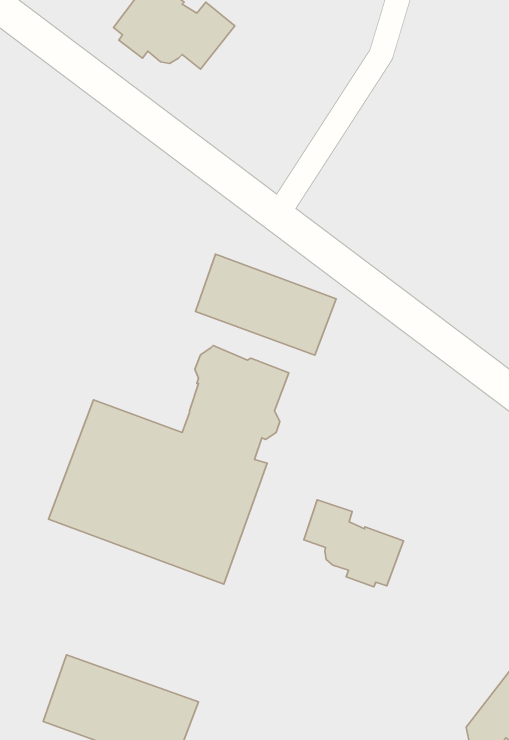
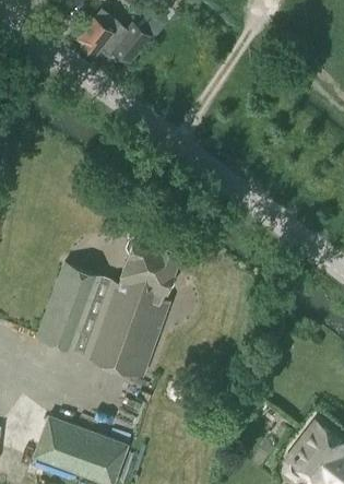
building: [195,254,336,355] -> none
building: [304,500,404,587] -> none

